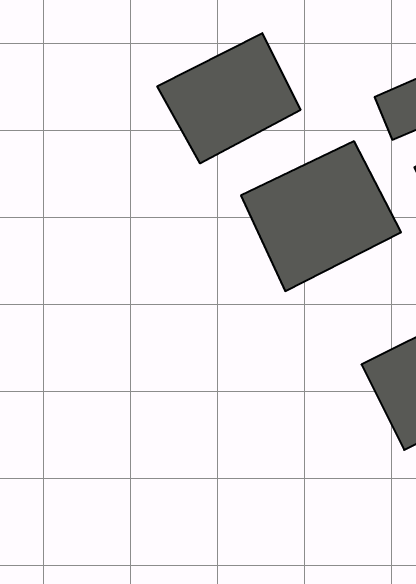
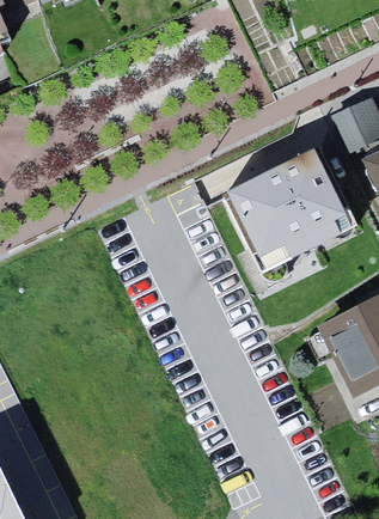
building: [157,33,300,163] -> none

